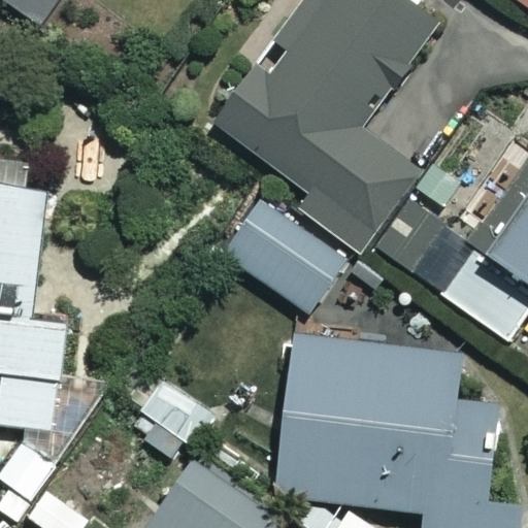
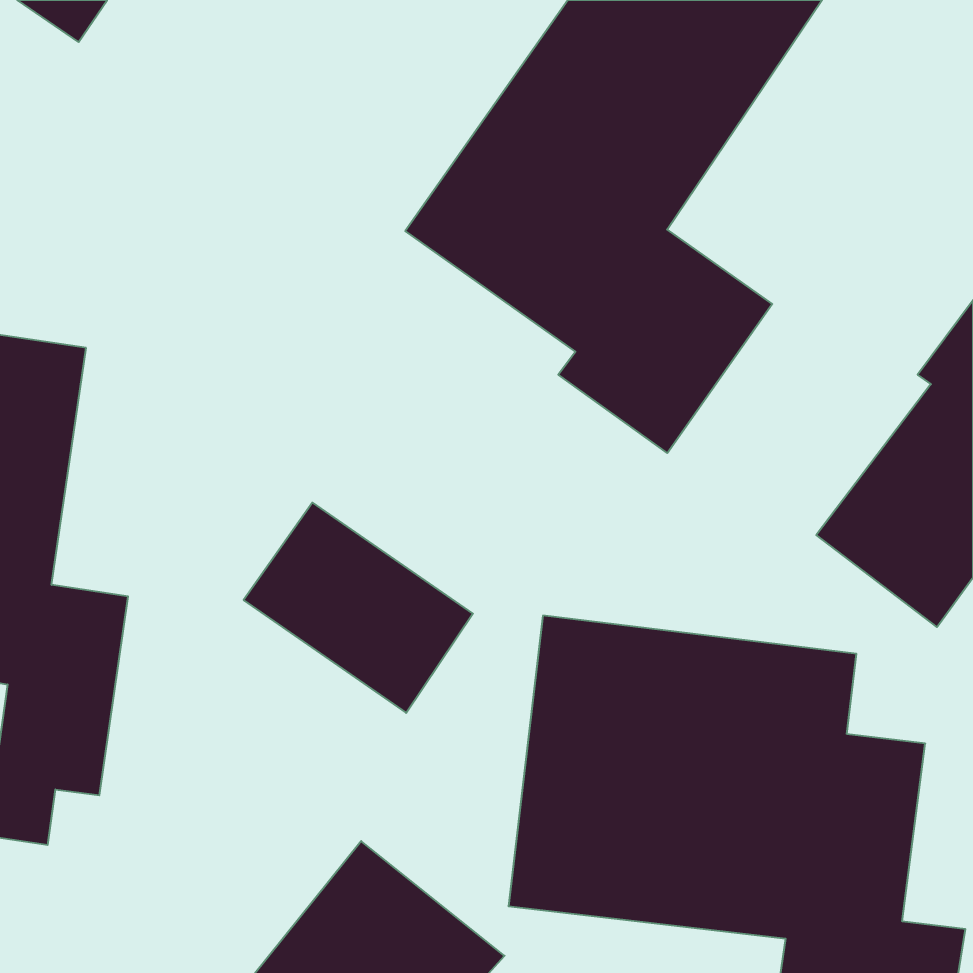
building: [222,199,345,312] -> [244,503,473,713]

